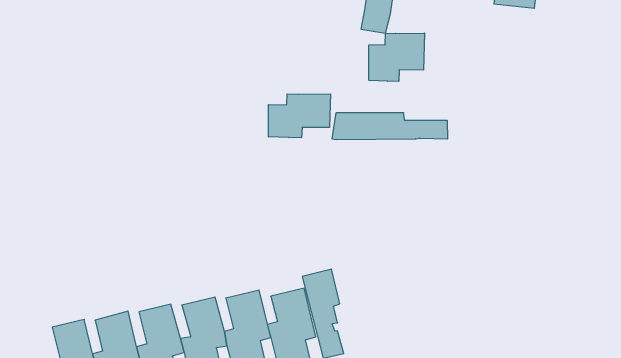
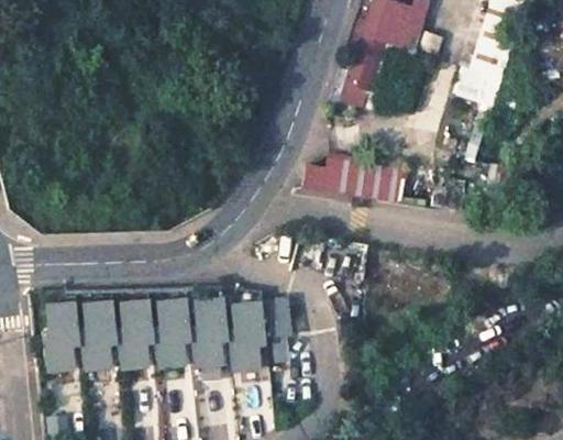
building: [369,33,424,81] -> none
building: [268,94,330,138] -> none

